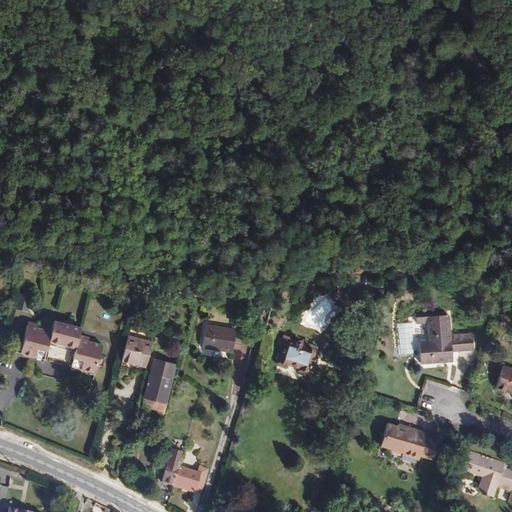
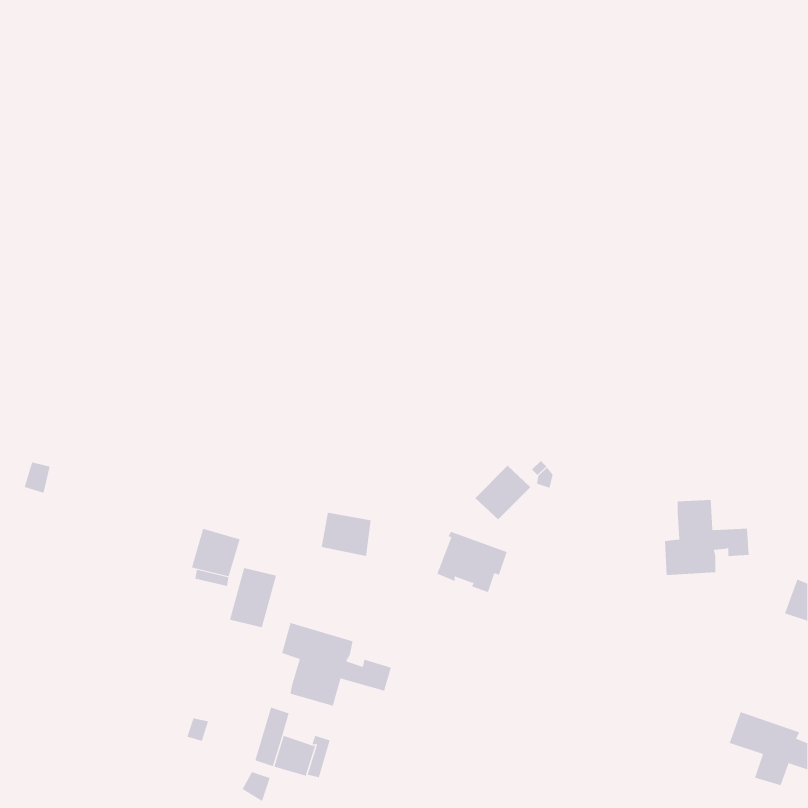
building: [20,319,102,372] -> none
building: none -> [281,622,392,706]
building: [381,423,439,461] -> none

